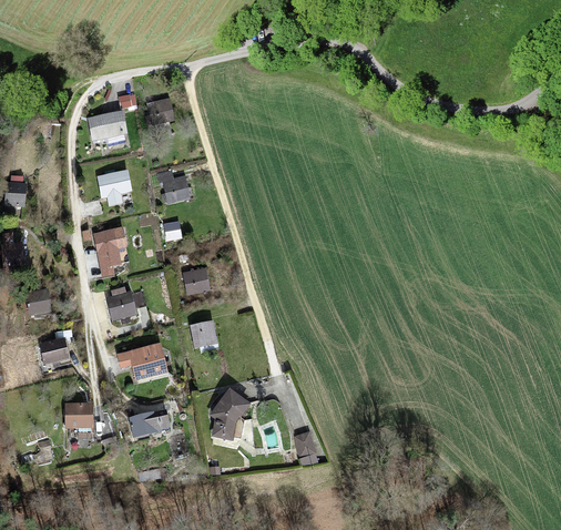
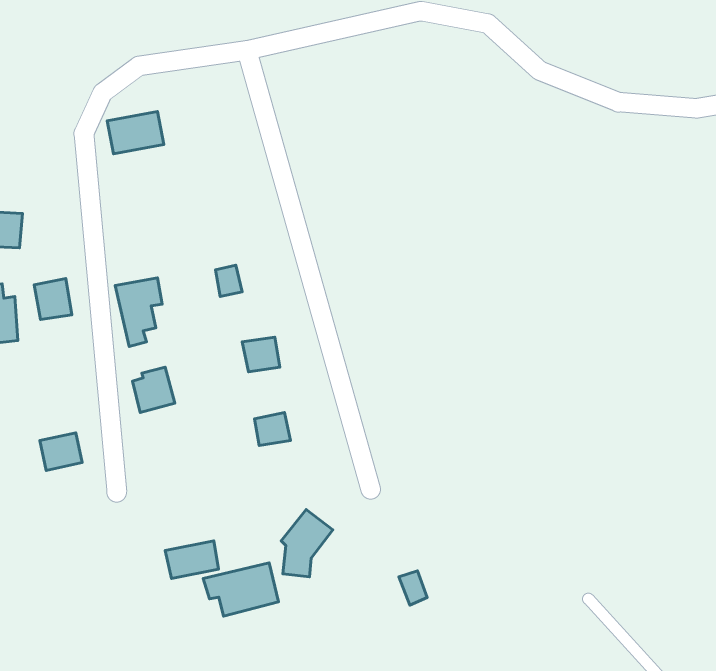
building: [146,98,174,124] -> none
building: [96,170,132,205] -> none
building: [161,172,188,202] -> none
building: [26,287,52,316] -> [34,279,72,319]
building: [115,343,169,380] -> [203,563,279,616]
building: [65,407,90,426] -> none

